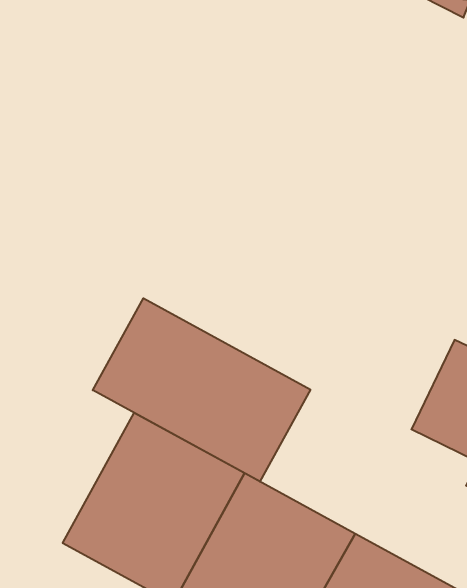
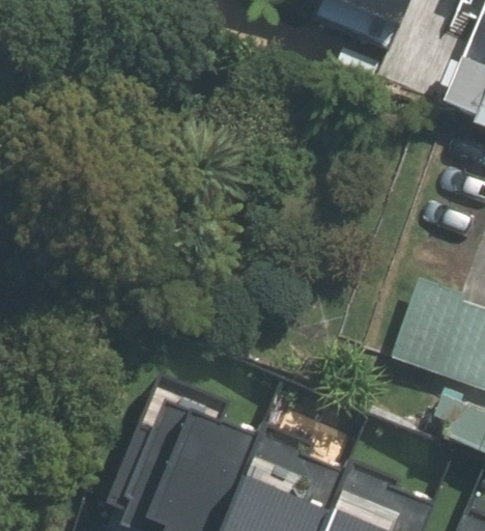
building: [93,298,310,482] -> none

